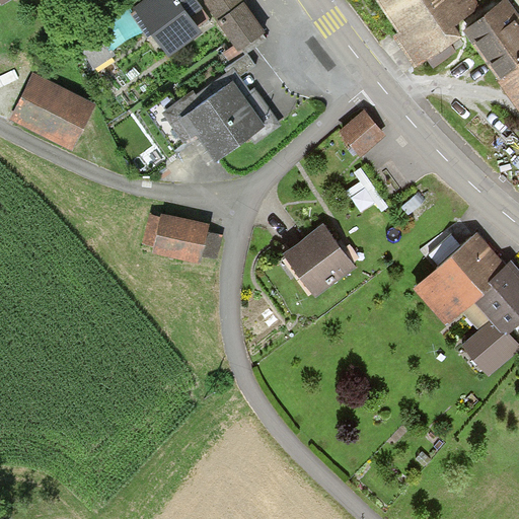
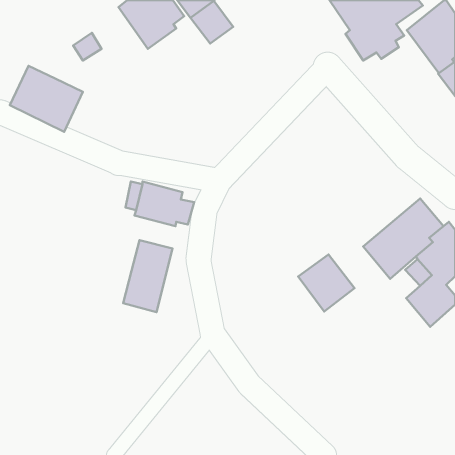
building: [162,53,281,167] -> none
building: [343,114,383,154] -> none
building: [289,230,353,295] -> [298,254,354,311]
building: none -> [123,240,173,312]

